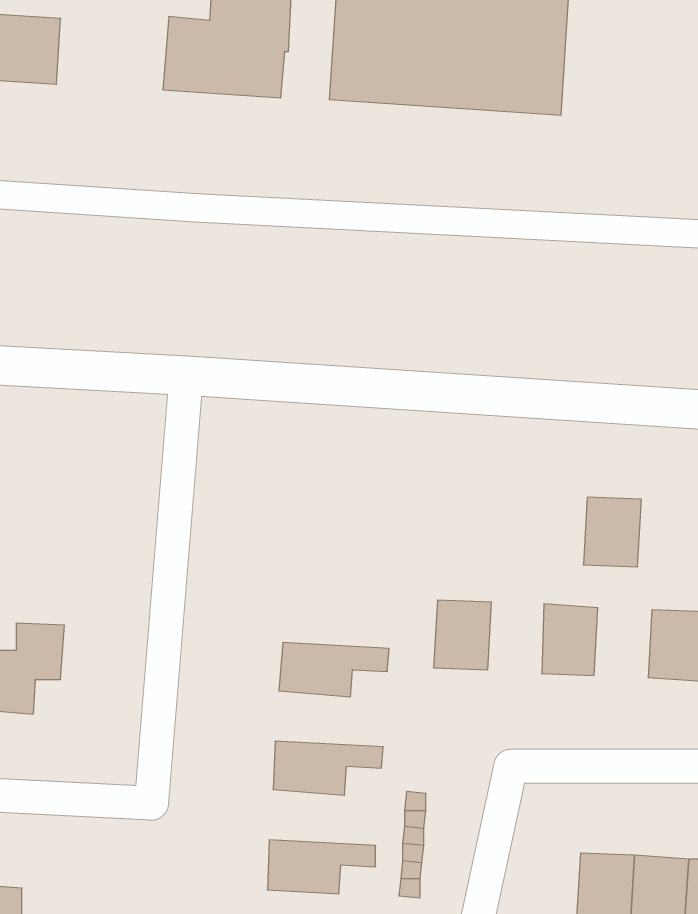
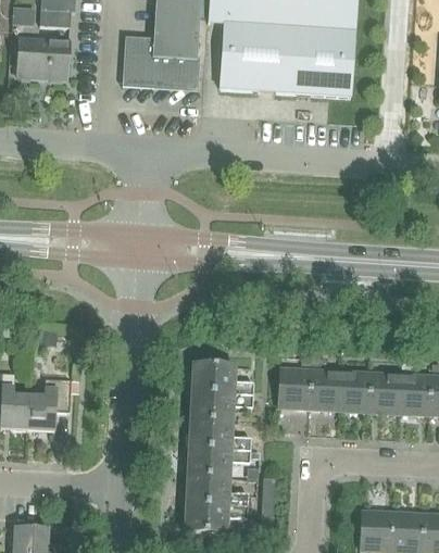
building: [583,497,641,567] -> [368,373,401,412]
building: none -> [193,363,253,395]
building: none -> [309,369,340,410]
building: none -> [189,419,250,451]
building: none -> [186,475,247,506]

